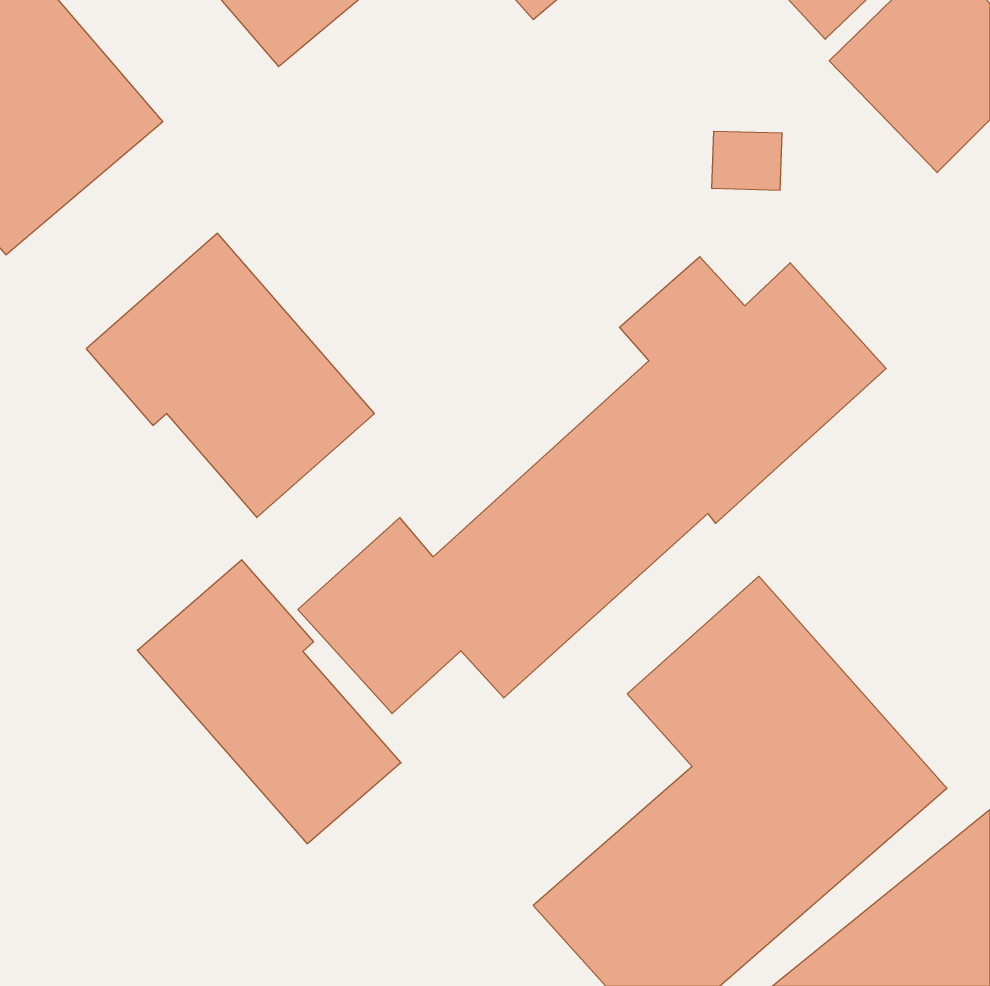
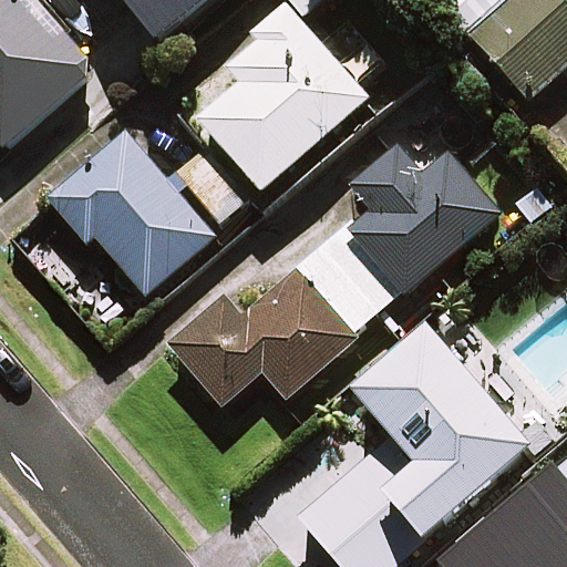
building: none -> [177,6,368,221]
building: [137,560,401,844] -> none

